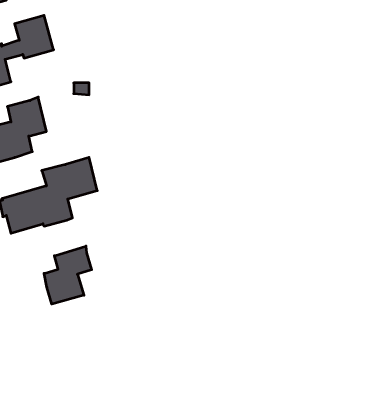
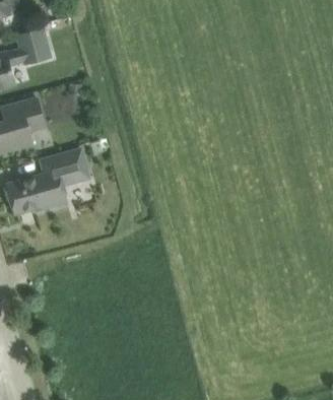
building: [44,246,92,304] -> none

